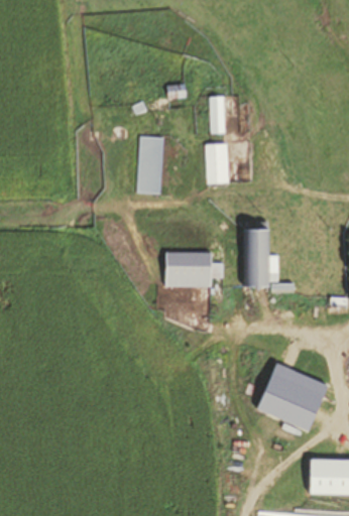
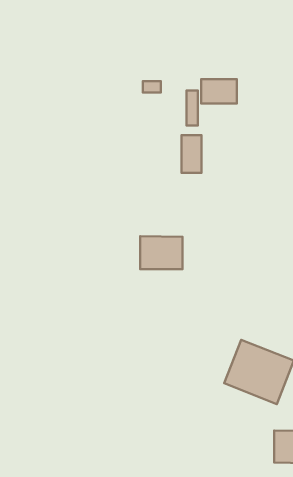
building: none -> [201,79,237,103]
building: [139,137,163,195] -> none
building: [242,228,281,286] -> none

